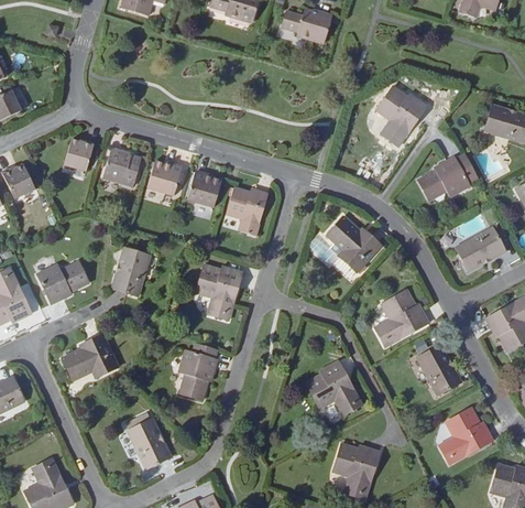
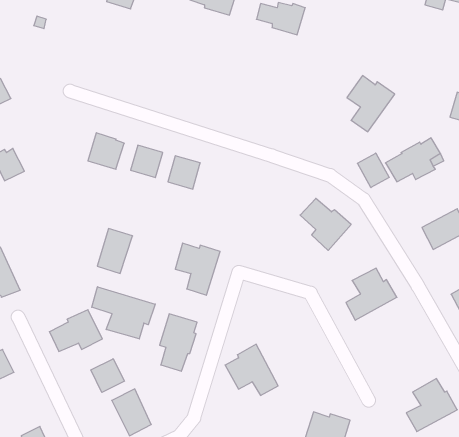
building: [64,139,95,172] -> none
building: none -> [357,153,389,188]
building: [226,186,269,235] -> none
building: [36,263,88,304] -> none
building: none -> [92,287,155,339]
building: [417,344,461,394] -> none
building: [306,360,362,414] -> [225,344,278,395]
building: none -> [91,359,124,392]

